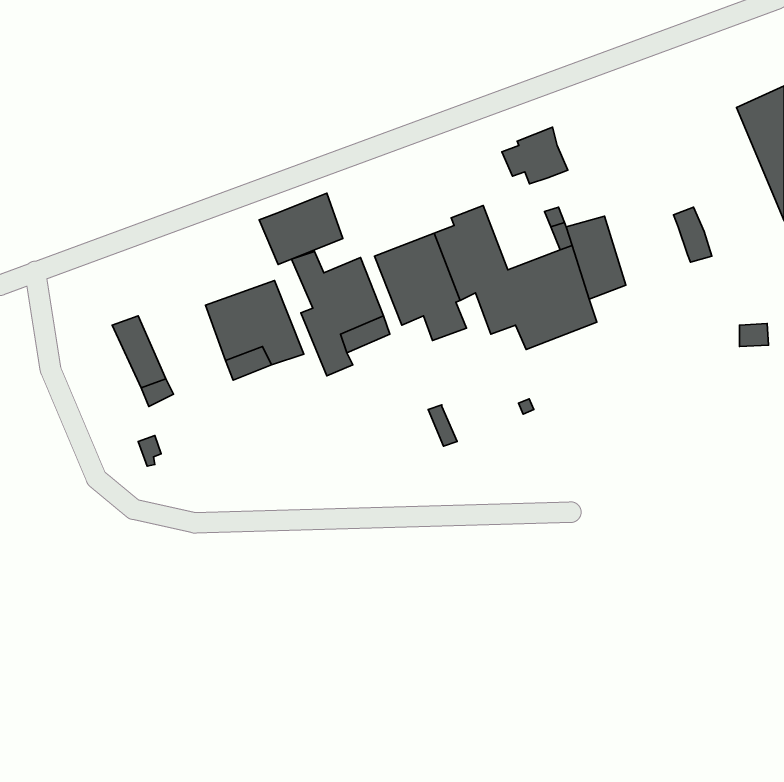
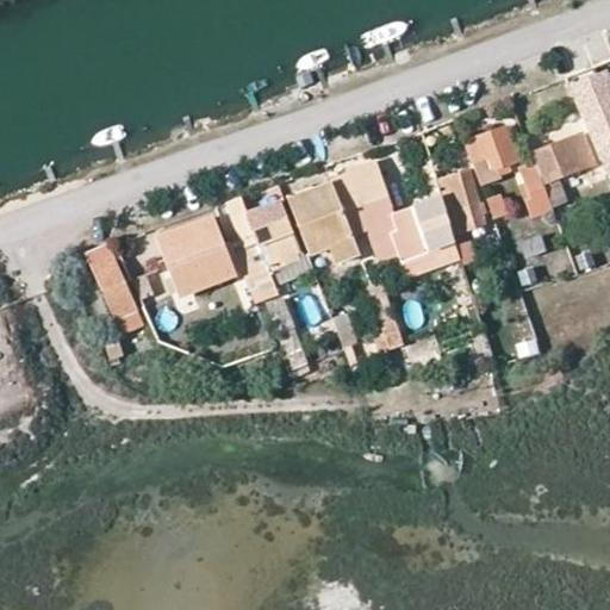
building: [502,127,568,184] -> [466,126,517,170]
building: none -> [534,136,591,180]
building: [259,193,343,264] -> none

